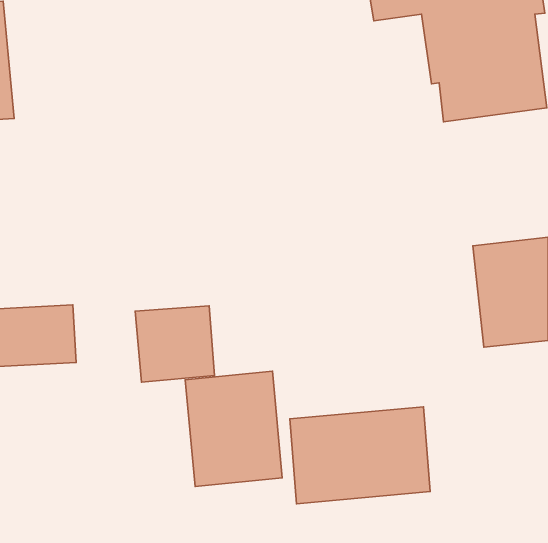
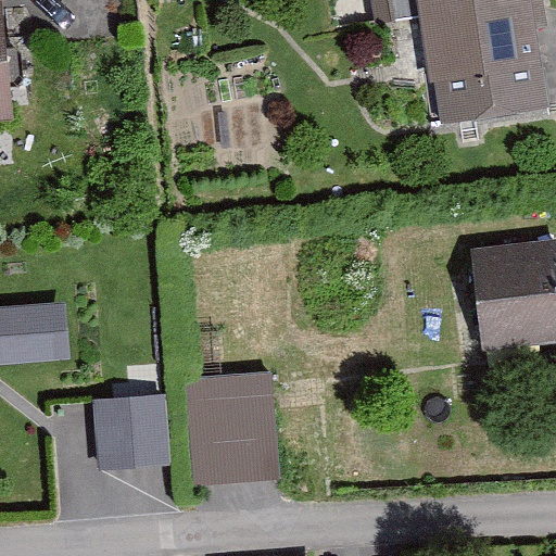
building: [135,306,215,382] -> [91,394,170,470]
building: [290,407,430,504] -> none

